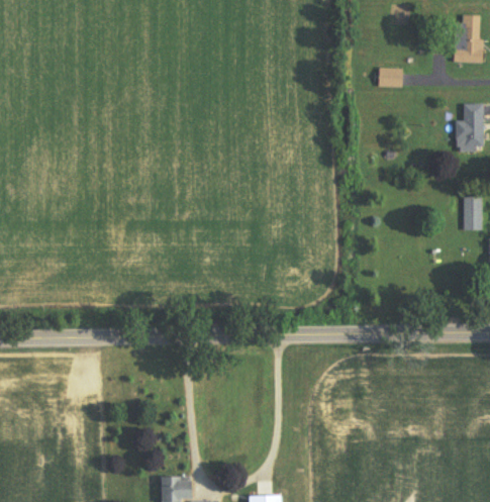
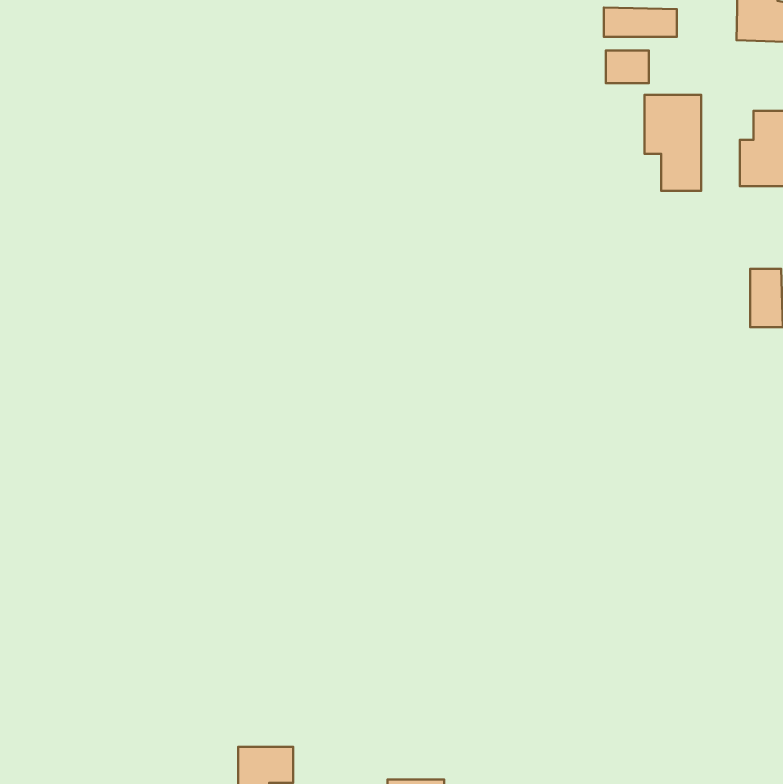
building: none -> [604,8,677,37]
building: none -> [644,95,701,191]

